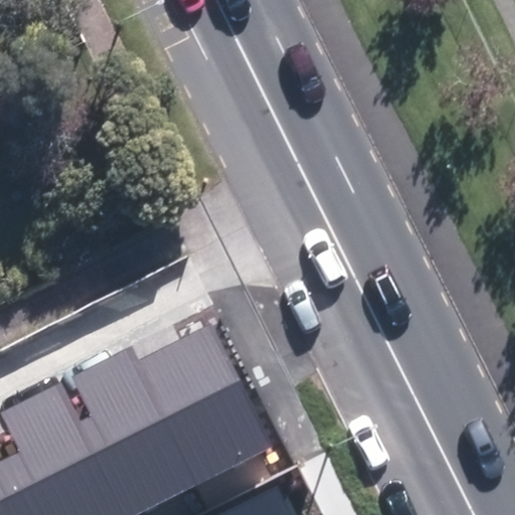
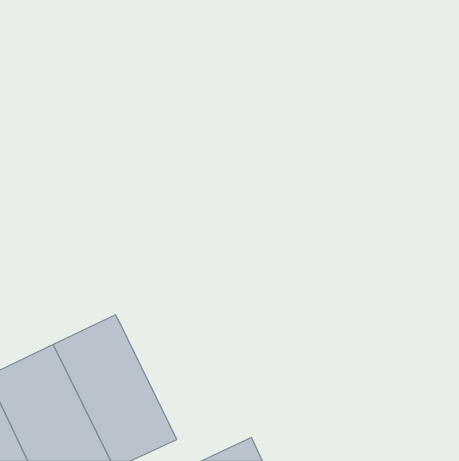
building: [135,327,269,490] -> none

